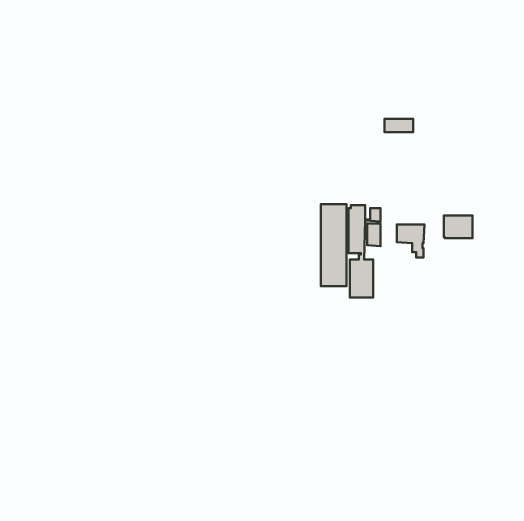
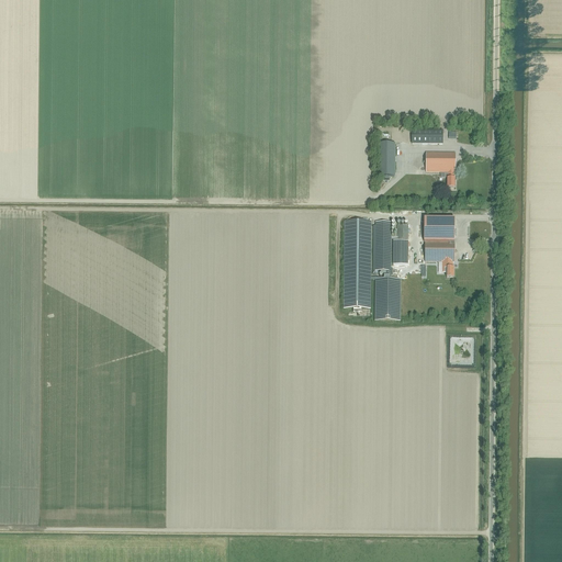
building: none -> [378,138,394,176]
building: none -> [425,150,454,186]
building: [444,216,473,238] -> [424,216,454,240]

